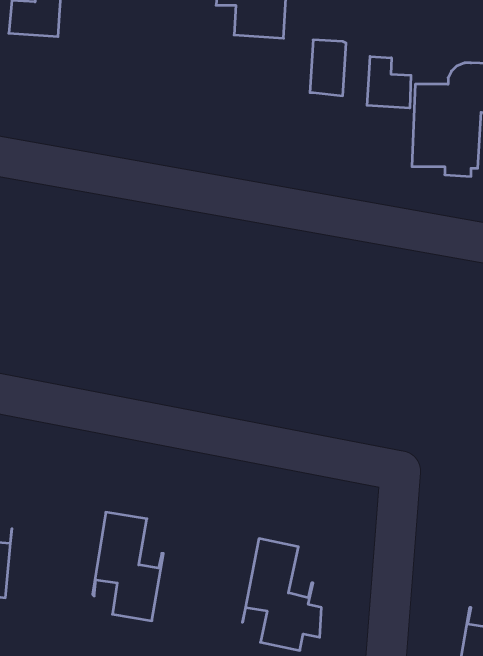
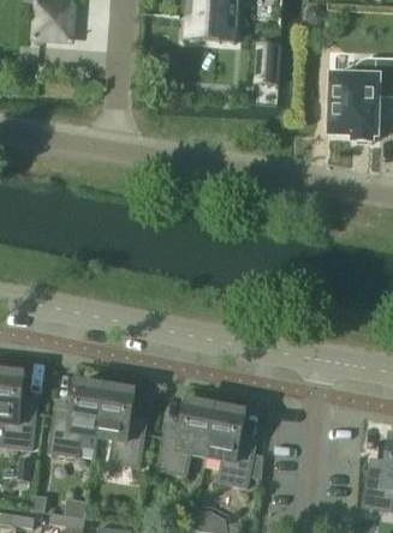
building: [367,56,411,108] -> none
building: none -> [48,382,105,456]
building: none -> [156,401,216,475]

